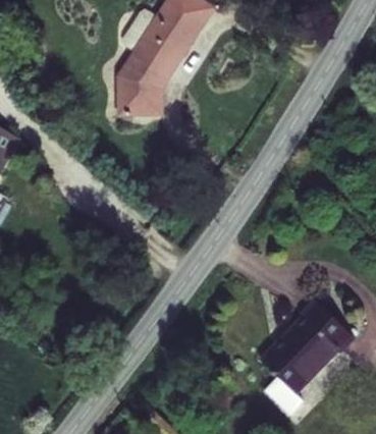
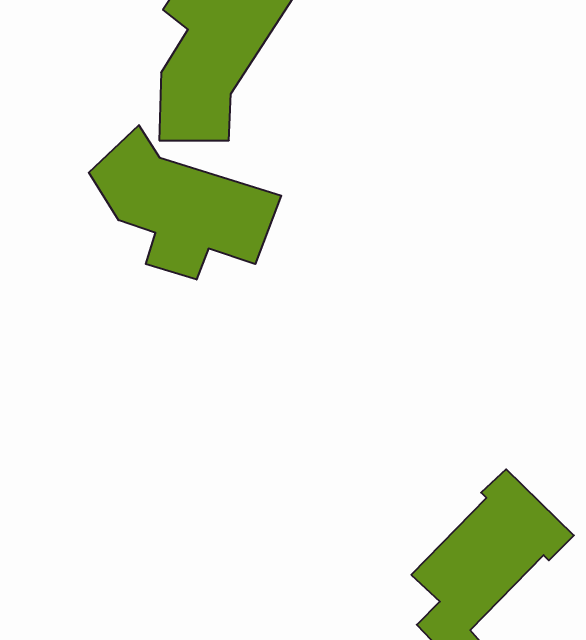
building: none -> [89,125,281,280]

